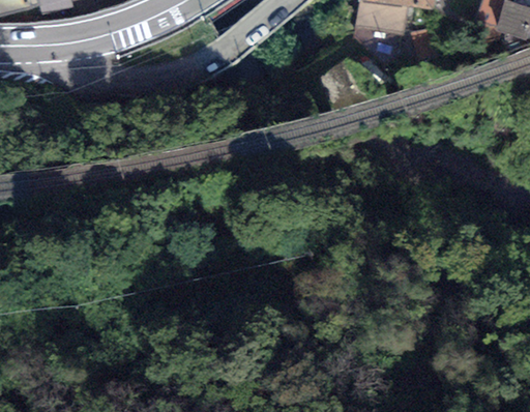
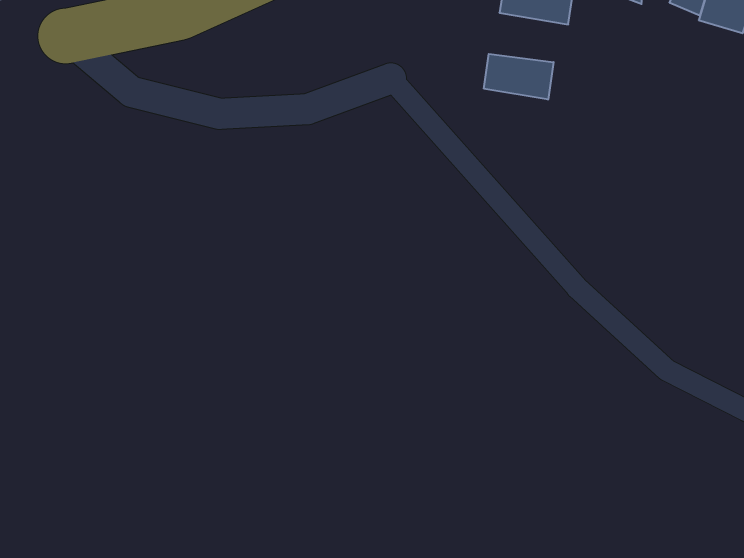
building: none -> [484,54,554,100]

